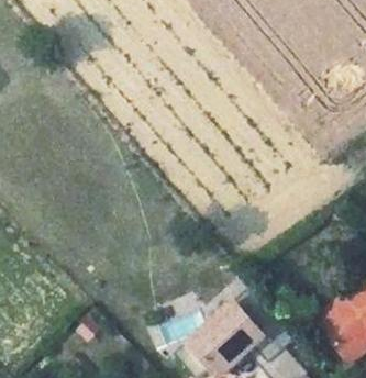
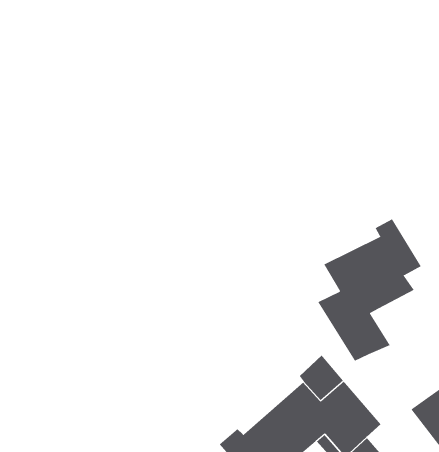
building: none -> [318,219,422,362]

